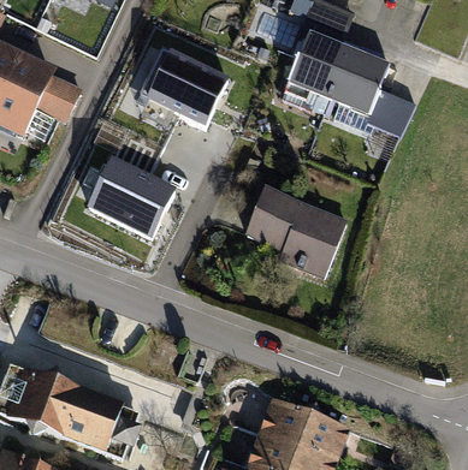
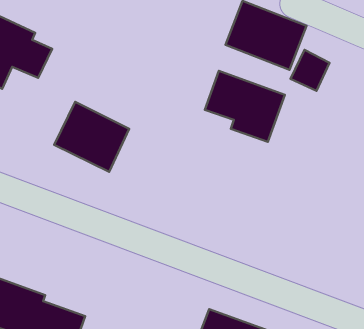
building: [141,47,229,129] -> none
building: [248,190,344,275] -> [205,71,285,142]

